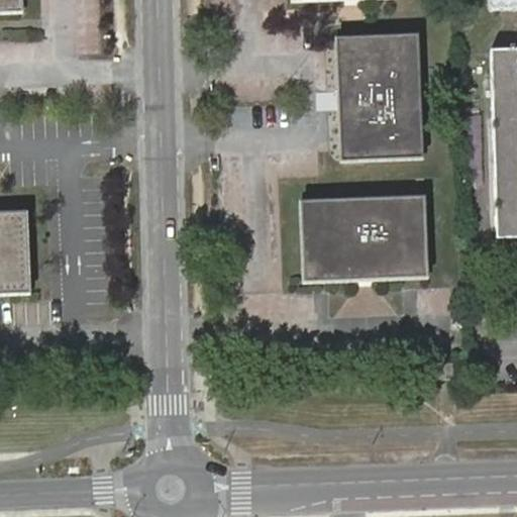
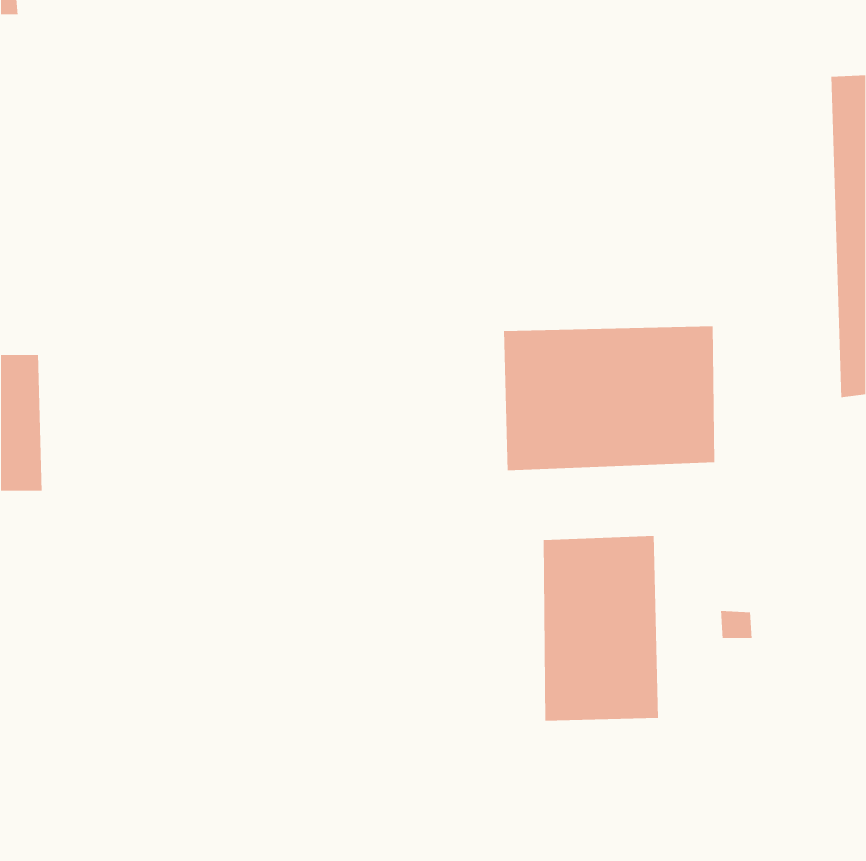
building: [337,33,425,159] -> none
building: none -> [543,535,659,721]

